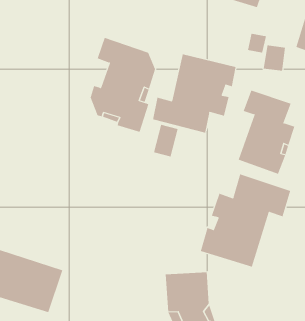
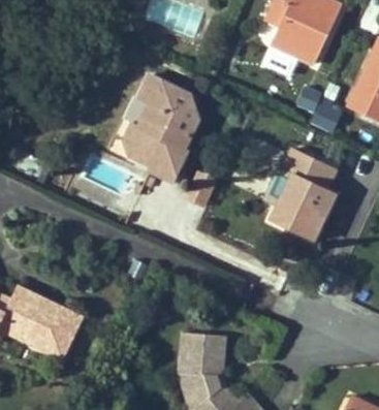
building: [153,53,236,133] -> none
building: [200,173,291,268] -> none

